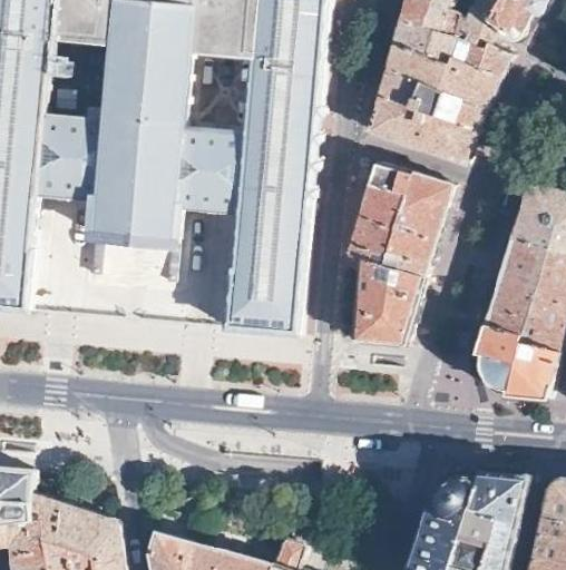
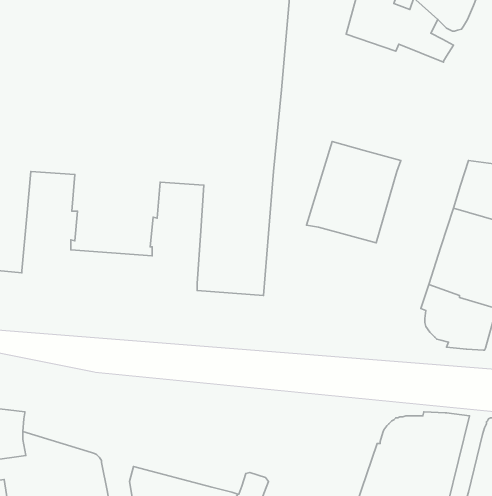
building: [368,42,501,163] -> none
building: [353,258,426,343] -> none

